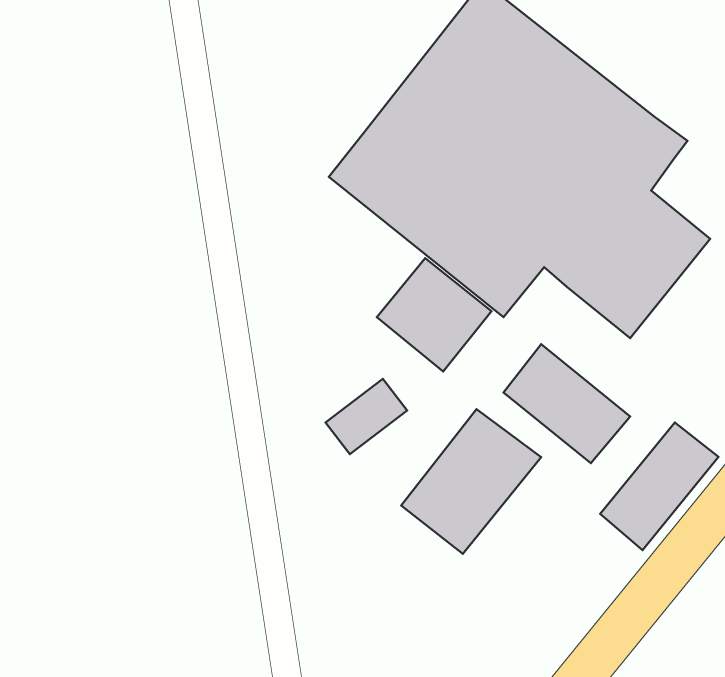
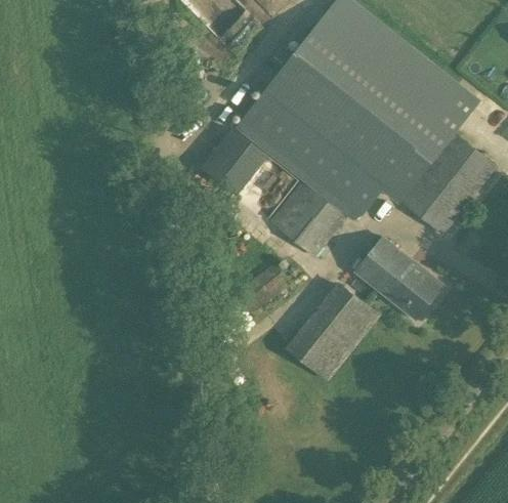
building: none -> [201,127,268,196]
building: [600,423,718,550] -> none

